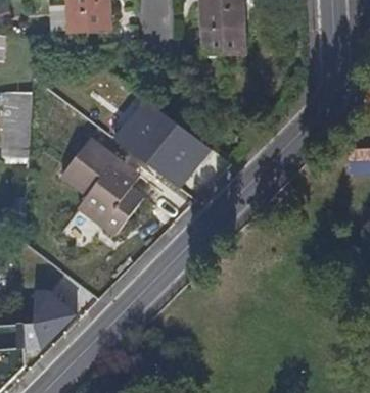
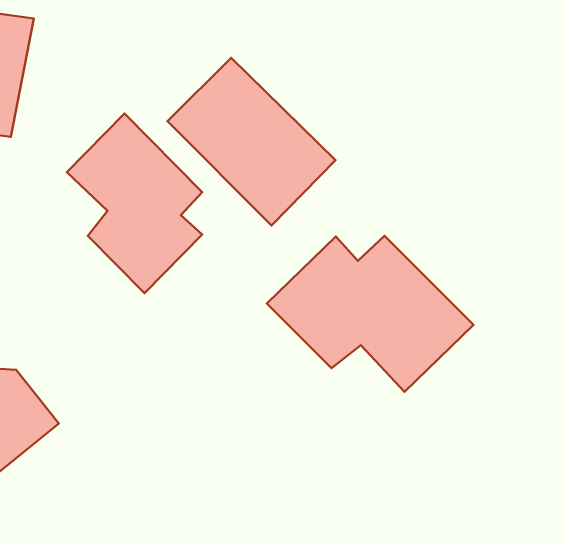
building: none -> [267,236,473,392]

